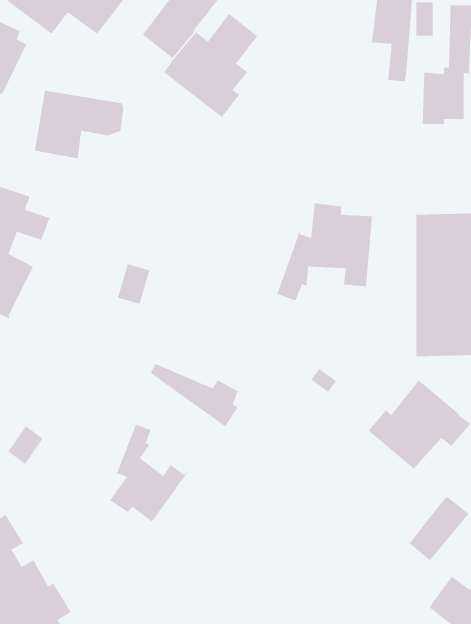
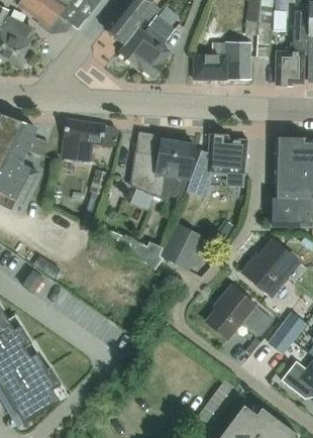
building: none -> [193,41,248,80]
building: [34,90,124,159] -> [62,119,117,161]
building: none -> [129,135,193,201]
building: none -> [164,234,196,267]
building: [110,419,189,523] -> none
building: none -> [207,287,274,339]

